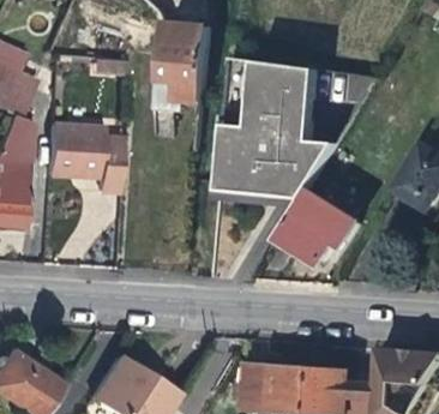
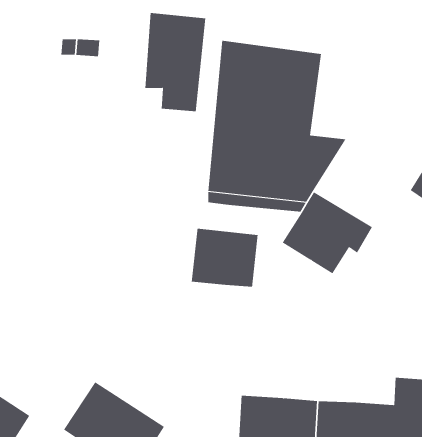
building: [46,120,118,193] -> none
building: none -> [191,228,258,287]

